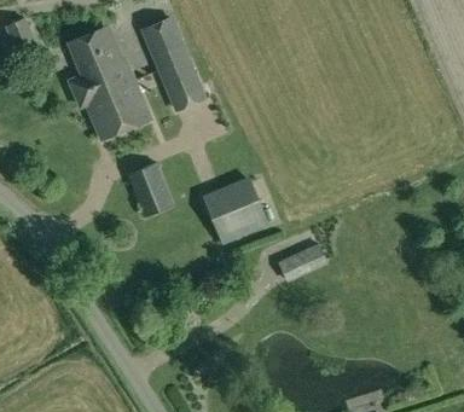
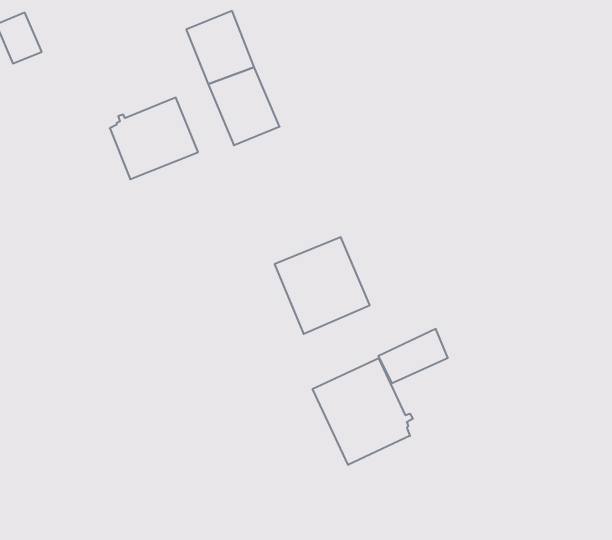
building: [70,25,133,103] -> none
building: [127,162,174,216] -> none
building: none -> [313,358,413,465]

